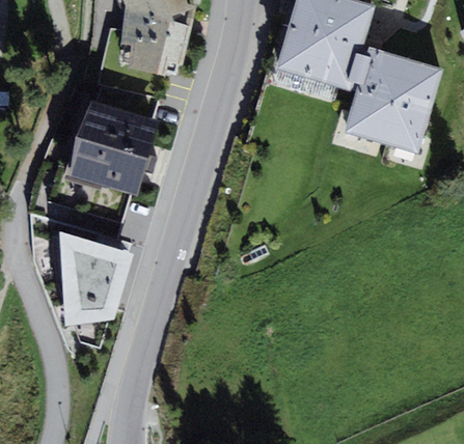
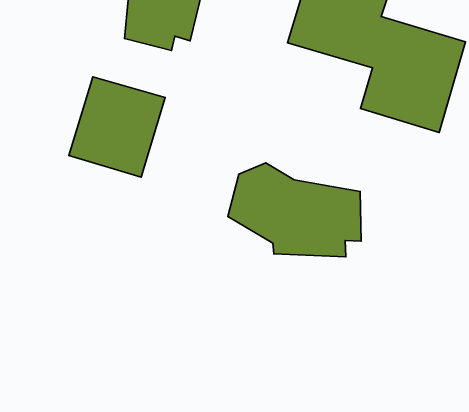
building: none -> [228,163,361,257]
building: [59,231,134,326] -> none

